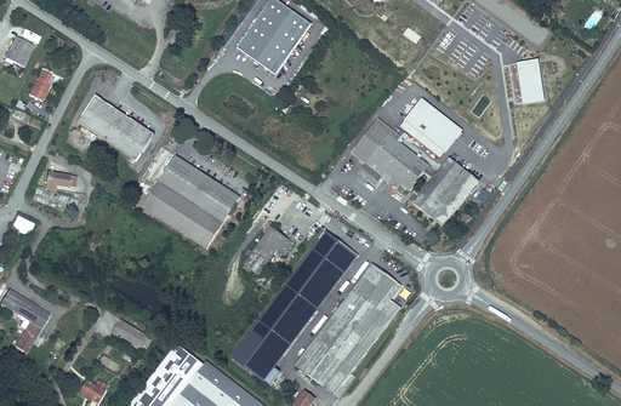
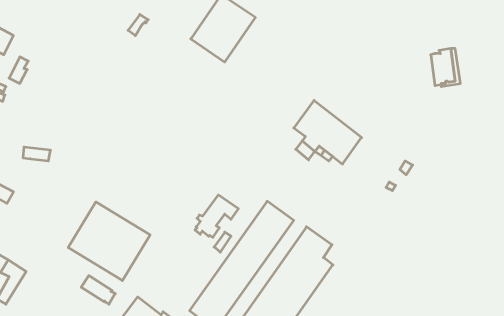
building: [78,95,153,160] -> none
building: [399,98,461,156] -> none
building: [142,156,235,246] -> [68,202,150,281]
building: [412,158,477,225] -> none

